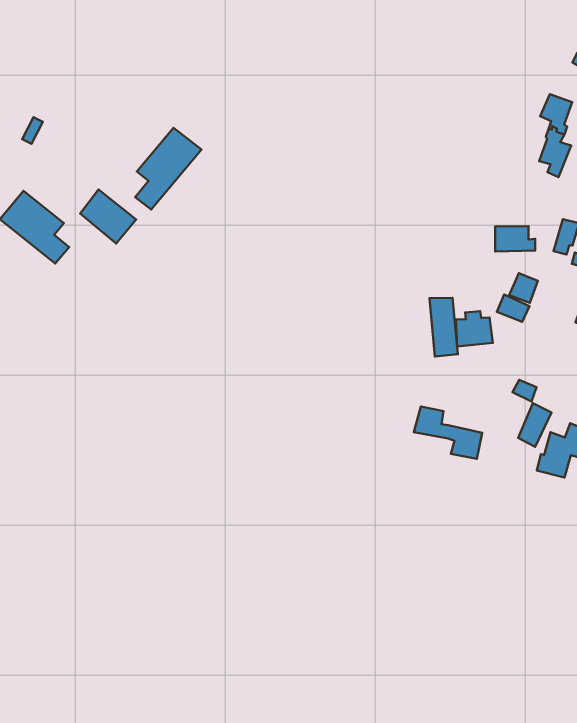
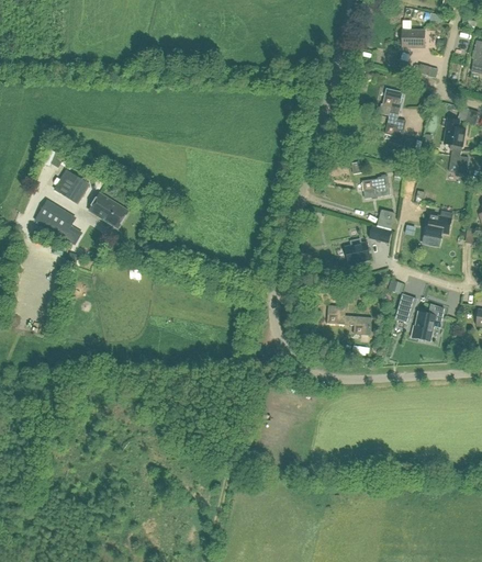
building: [135,128,201,210] -> none
building: none -> [55,168,91,203]
building: [430,298,458,357] -> none

